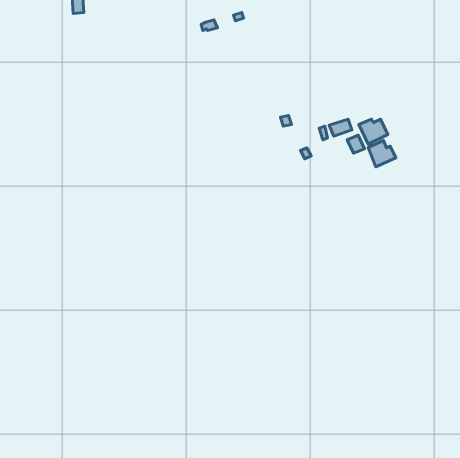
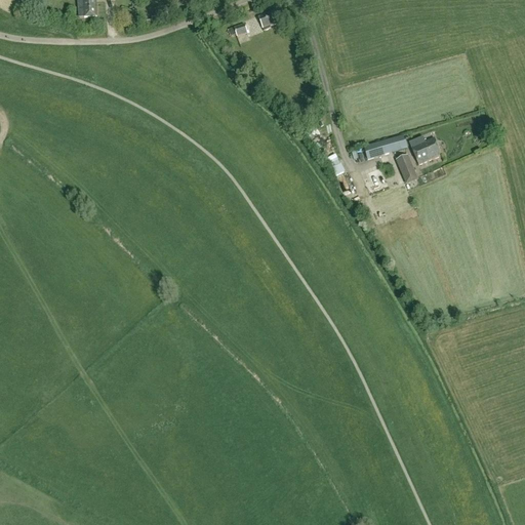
building: [368,141,396,167] -> none

